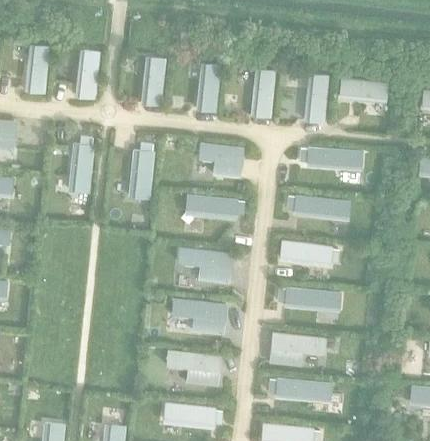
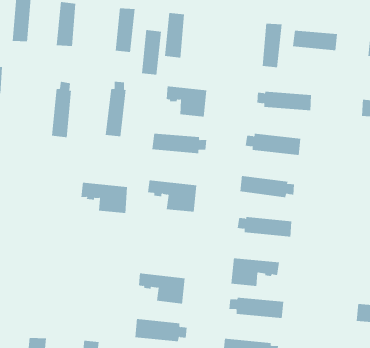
building: [251,66,274,117] -> [141,30,162,75]
building: [172,298,225,333] -> [80,182,128,214]

